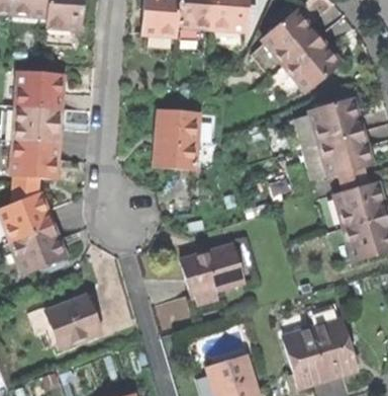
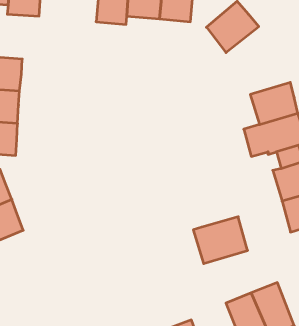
building: [283,36,340,92] -> none
building: [152,108,197,168] -> none
building: [179,245,237,296] -> [193,217,248,264]
building: [43,296,101,348] -> none

